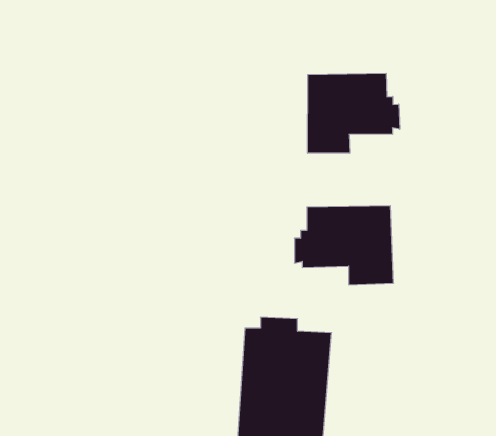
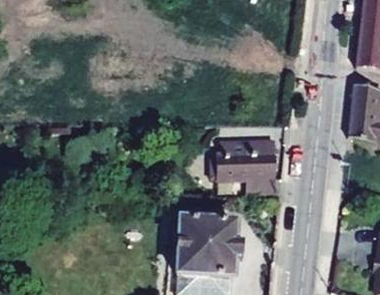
building: [308,73,400,153] -> none

